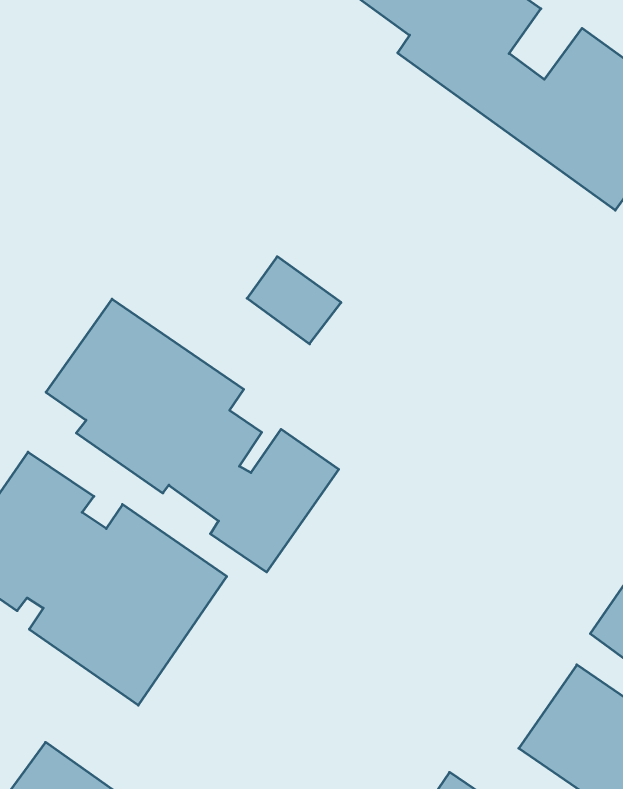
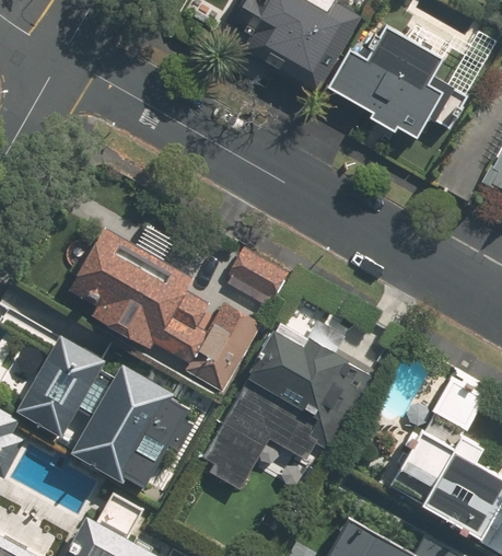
building: [247,257,341,344] -> [224,252,284,305]
building: none -> [199,324,371,493]

